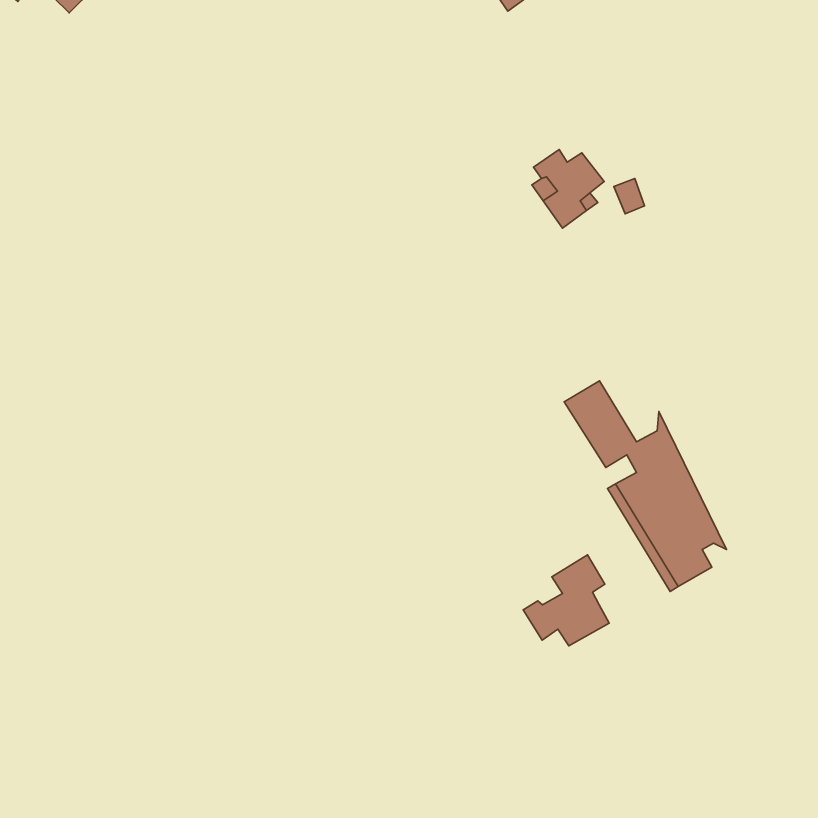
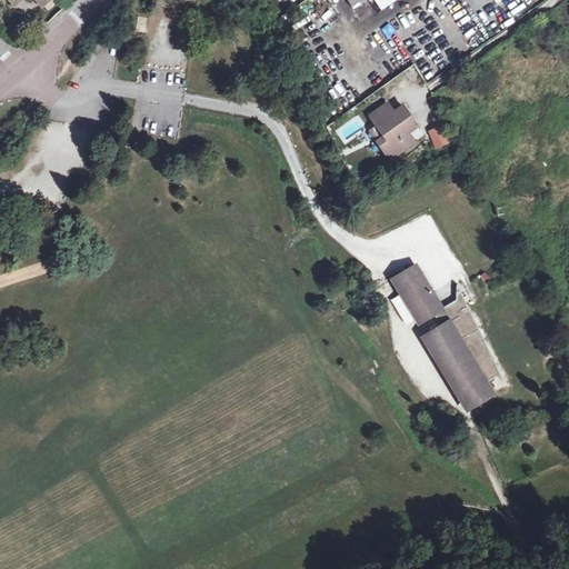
building: [523,555,609,646] -> none

